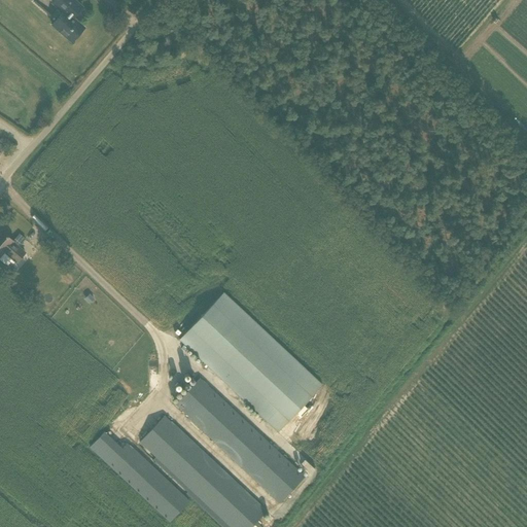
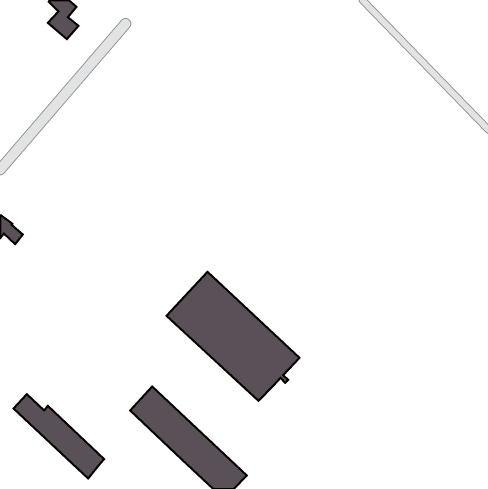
building: [176,378,306,502] -> none
building: [91,431,188,522] -> [13,394,104,478]

